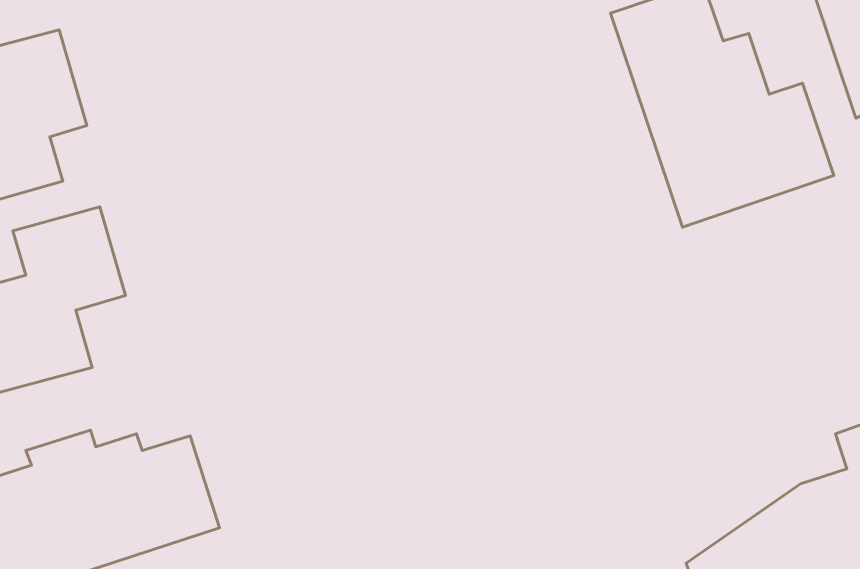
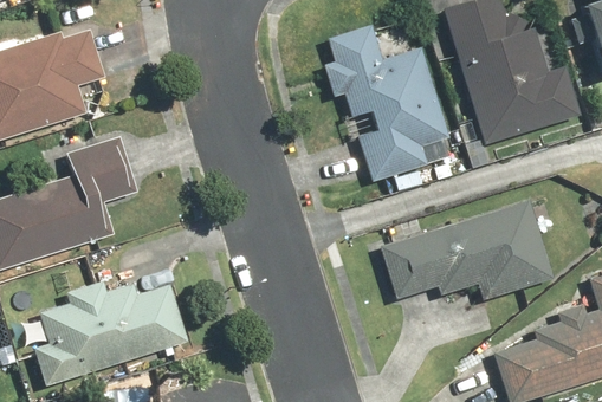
building: none -> [321,24,457,182]
building: none -> [377,195,557,302]

